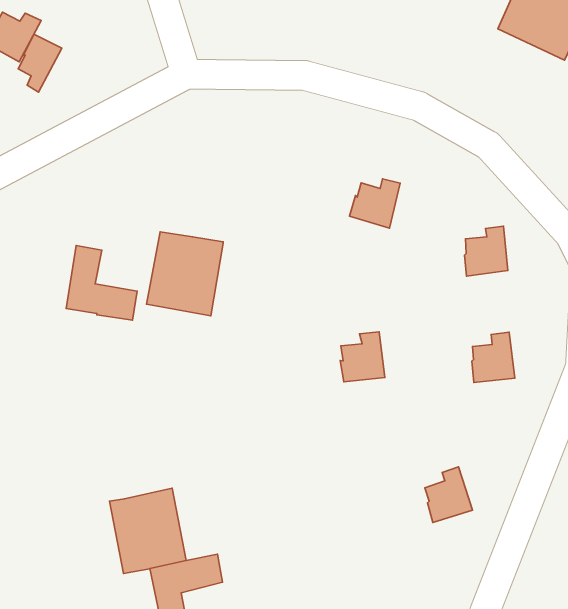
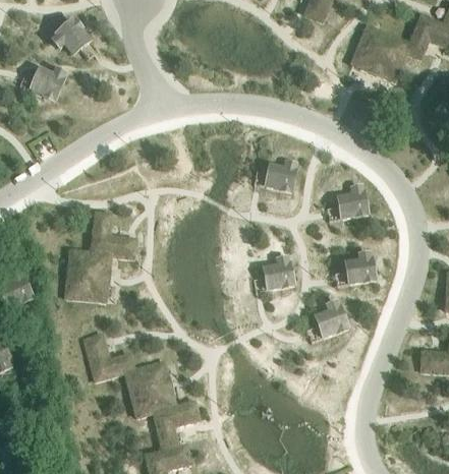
building: [18,34,62,92] -> none
building: [147,232,223,316] -> [64,250,110,301]
building: none -> [83,334,133,379]
building: [425,467,473,523] -> [316,301,346,337]

